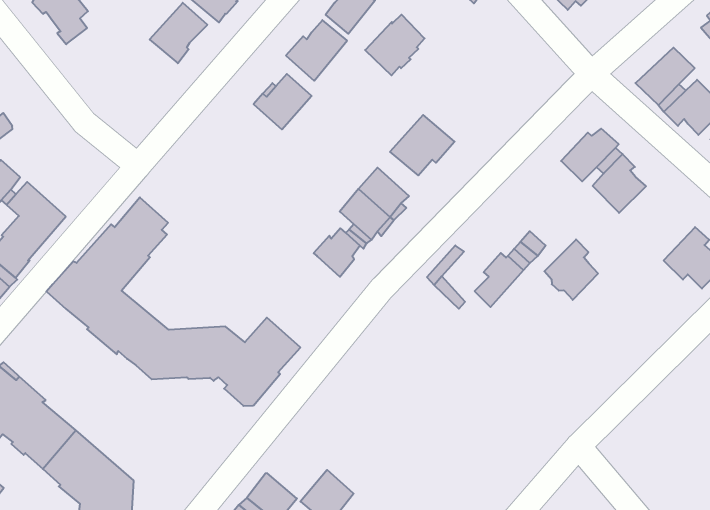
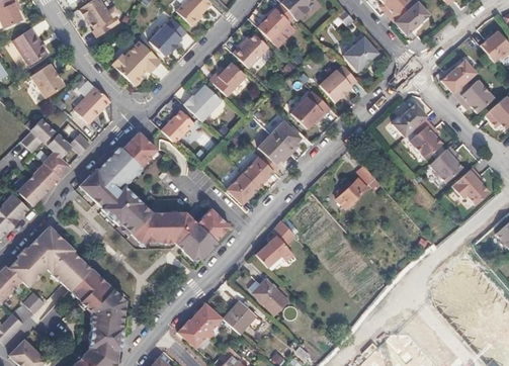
building: [365,15,425,75] -> [320,65,356,101]
building: none -> [342,36,377,71]
building: none -> [112,40,162,83]
building: none -> [183,83,223,120]
building: none -> [73,86,110,122]
building: none -> [161,110,193,143]
building: [544,239,598,300] -> [430,147,462,183]
building: none -> [228,173,257,200]
building: none -> [258,223,298,268]
building: none -> [250,279,288,314]

